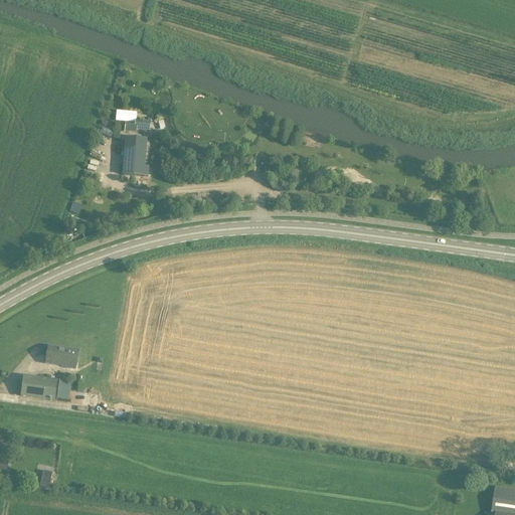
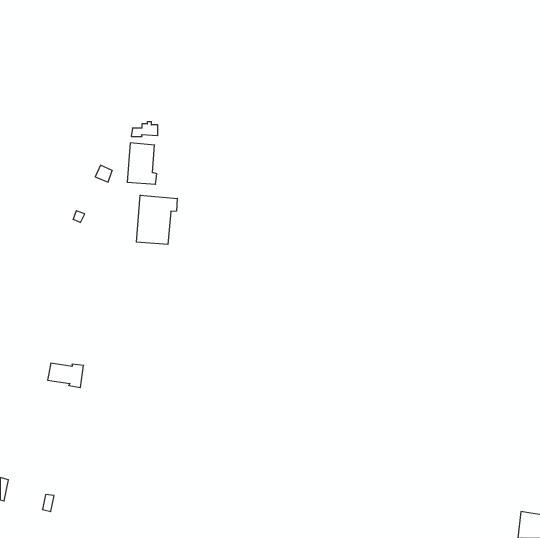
building: none -> [136,195,177,244]
building: [21,373,60,399] -> none

